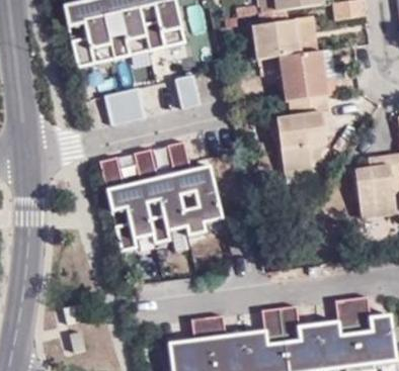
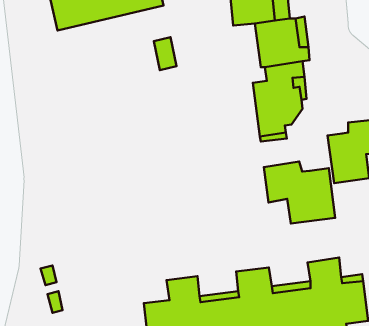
building: [104,84,146,121] -> none
building: [101,140,224,250] -> none
building: none -> [264,162,335,224]

